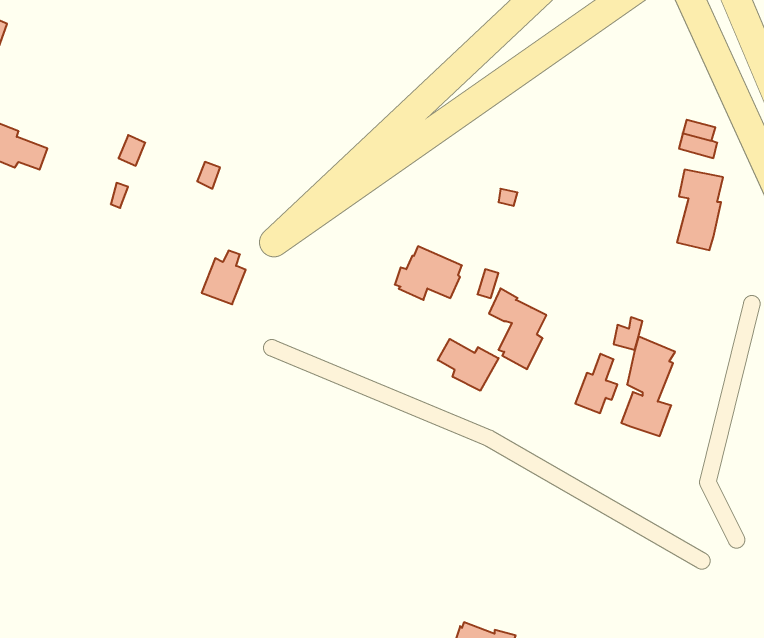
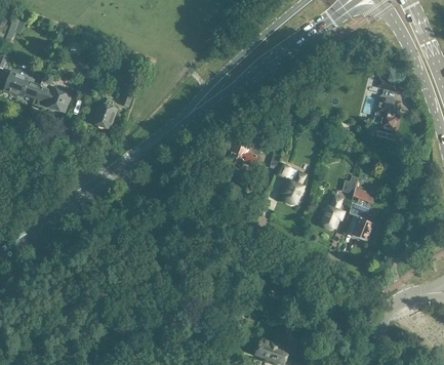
building: none -> [34,79,69,112]
building: [202,251,246,304] -> [91,99,115,128]
building: [438,339,499,391] -> none

